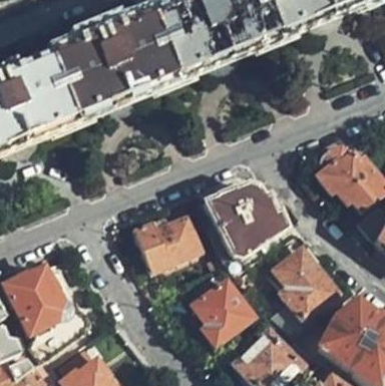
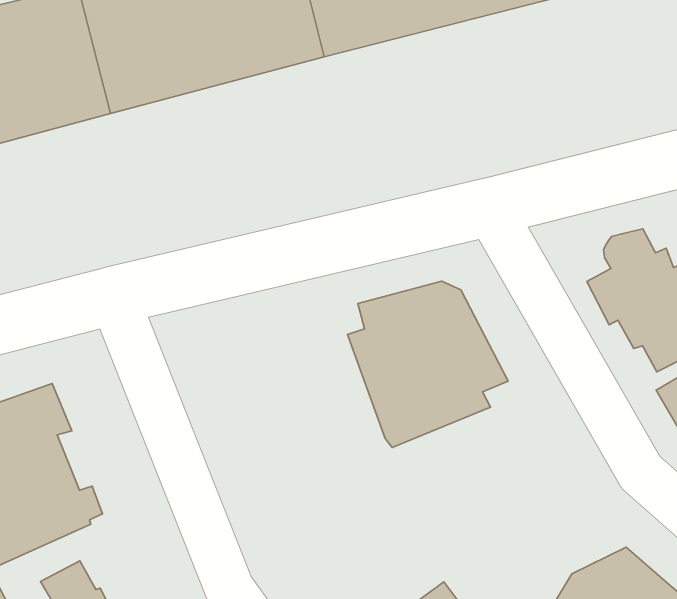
building: [137,215,204,266] -> none
building: [277,246,336,314] -> none
building: [183,269,249,335] -> none

